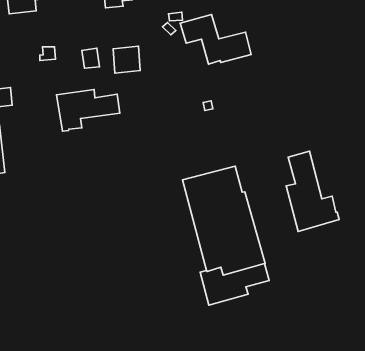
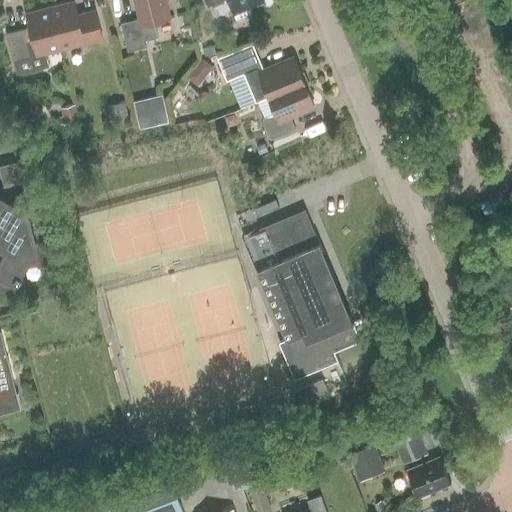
building: none -> [263,84,314,140]
building: [57,89,120,131] -> none
building: [286,151,339,231] -> none

